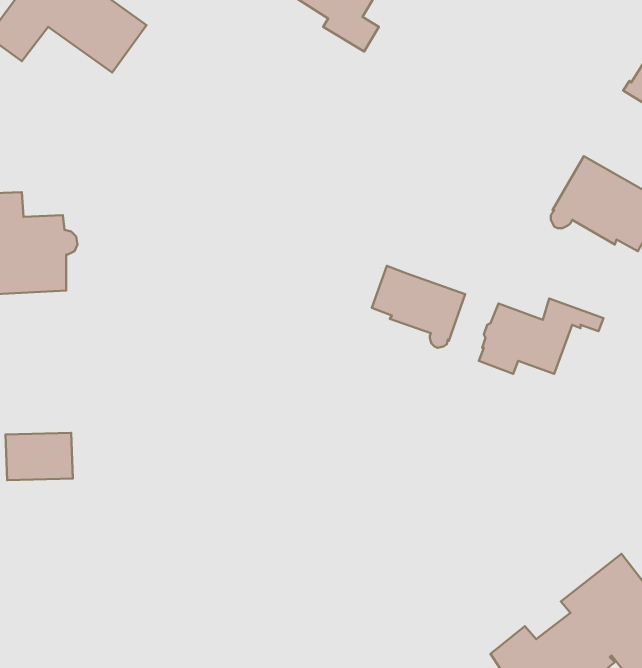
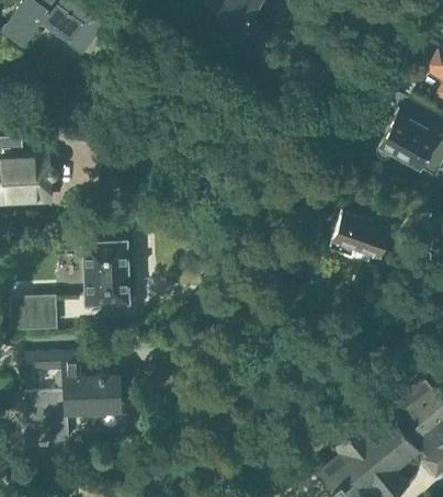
building: [372,266,465,348] -> none
building: none -> [84,239,129,303]
building: none -> [22,352,121,442]

